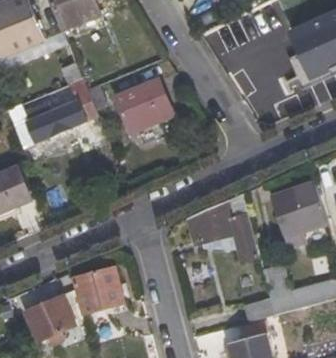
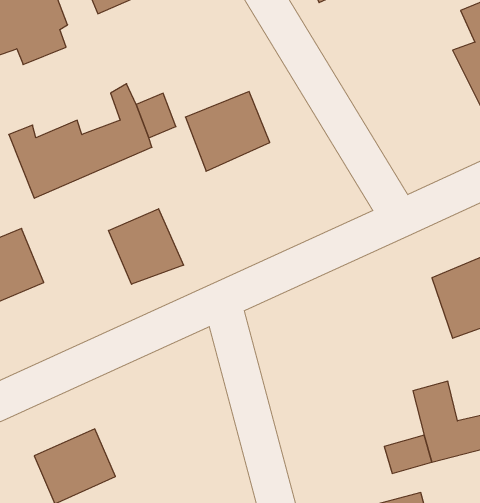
building: none -> [109,209,184,284]
building: [187,192,257,259] -> none
building: [72,266,123,312] -> none

